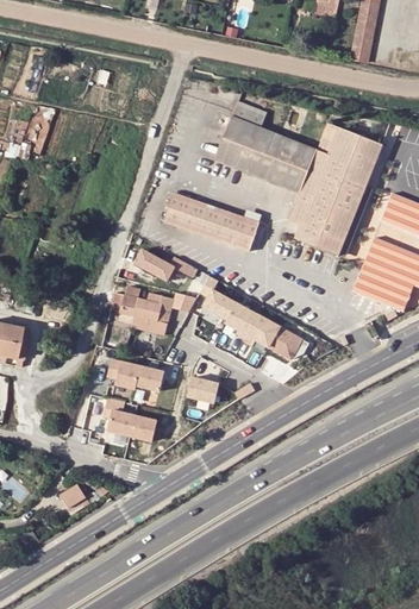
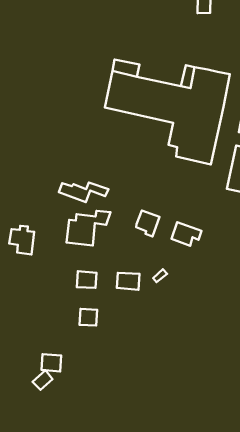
building: [162,194,257,252] -> none
building: [200,272,237,318] -> none
building: [107,287,142,326] -> [9,226,34,255]
building: [244,313,280,344] -> none
building: [108,358,142,389] -> none
building: [108,408,137,434] -> [41,354,61,371]

